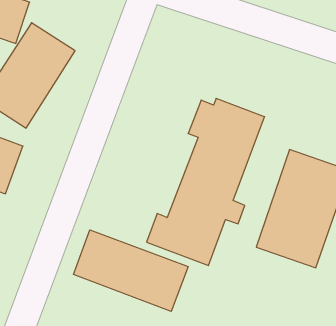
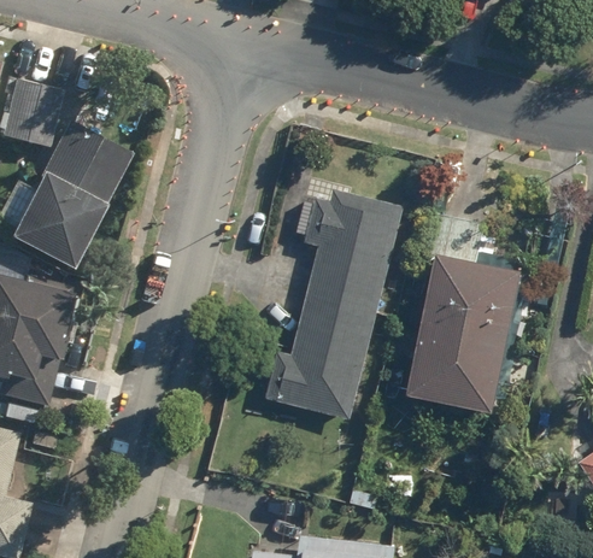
building: [74,230,188,311] -> none

